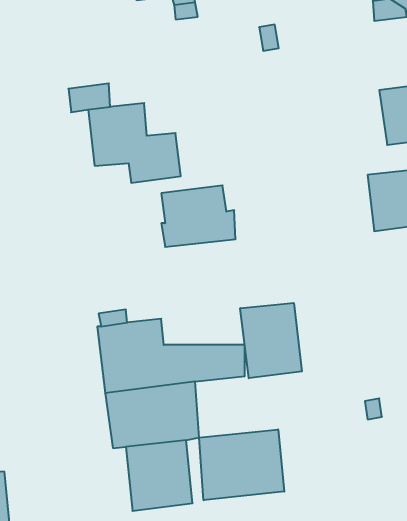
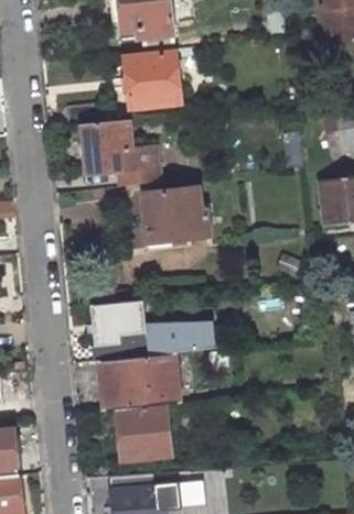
building: none -> [126,52,181,107]
building: [240,303,302,378] -> none
building: [199,429,284,500] -> none

